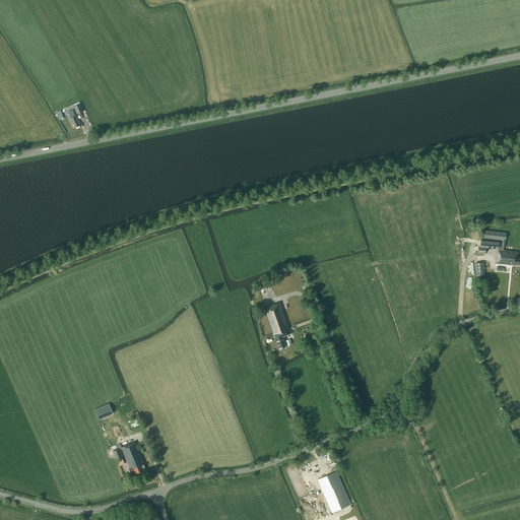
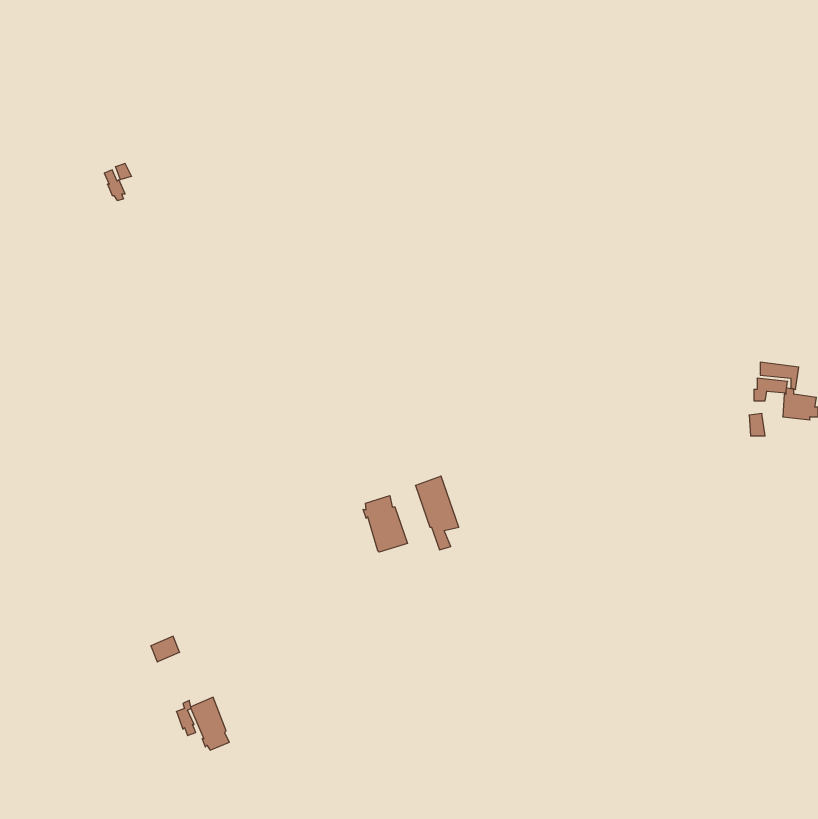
building: none -> [363,496,408,552]
building: [317,471,349,513] -> none

